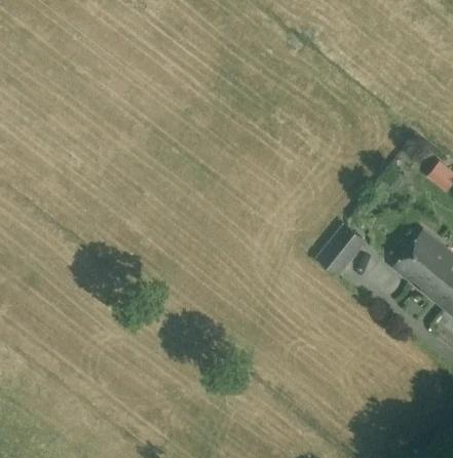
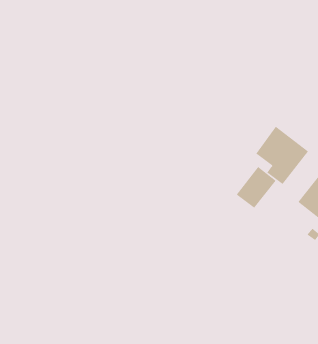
building: none -> [255,126,309,185]

